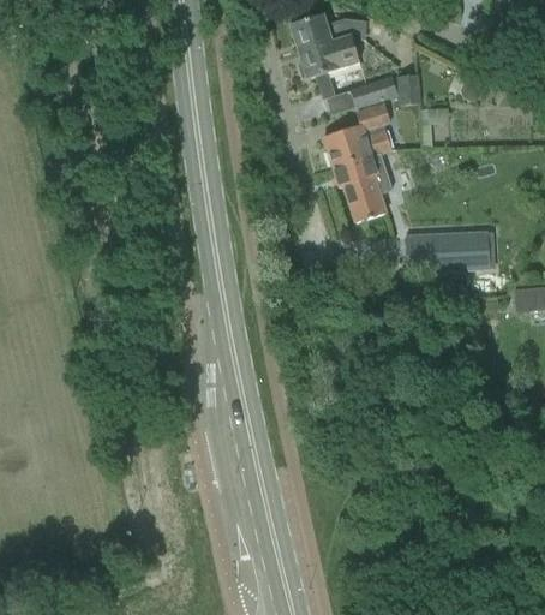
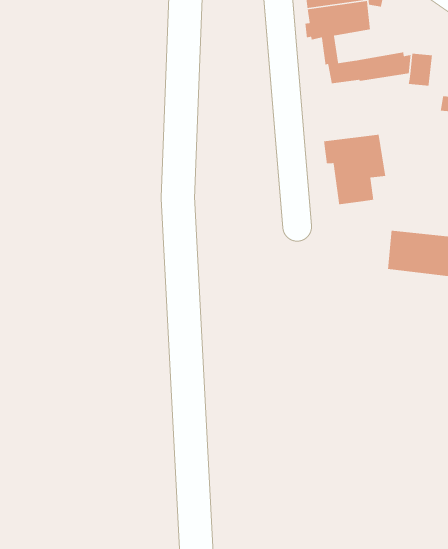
building: [323,101,393,166] -> none

